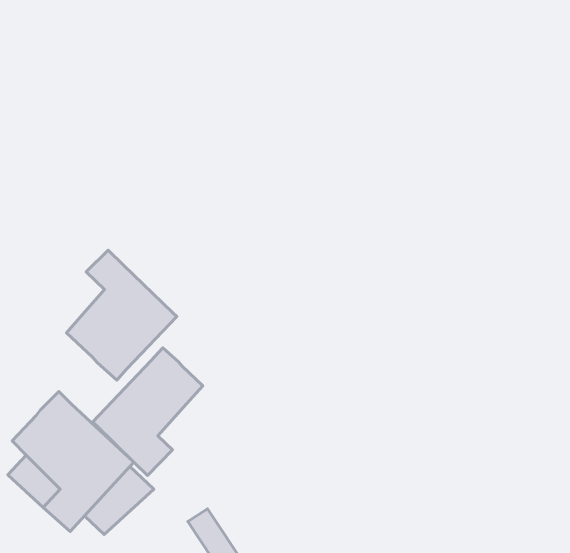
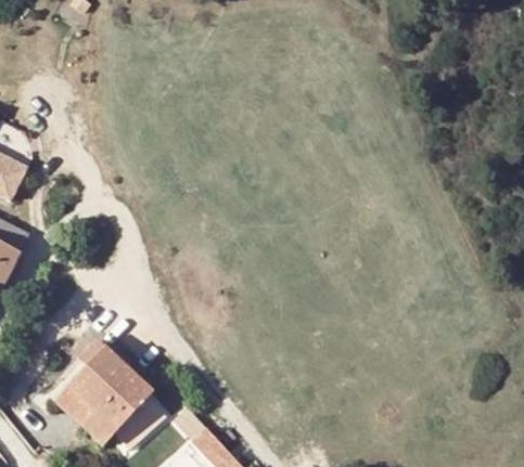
building: [66,250,177,380] -> none
building: [93,348,203,475] -> none

